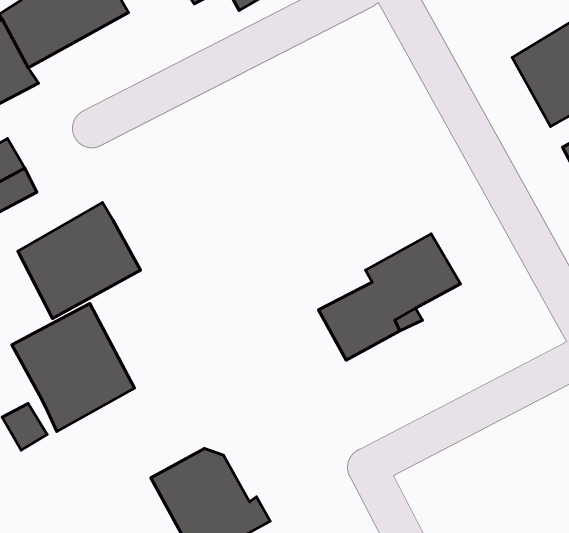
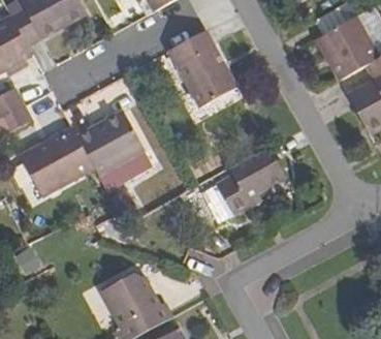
building: none -> [168,30,237,109]
building: [12,303,135,431] -> [77,112,151,188]

